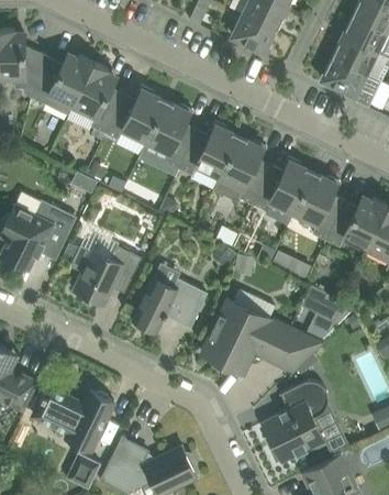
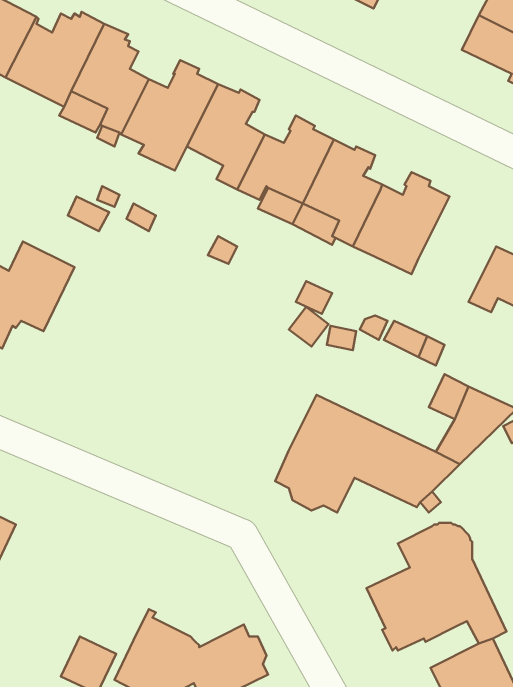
building: [137,140,178,176] -> none
building: [293,172,344,239] -> none
building: [69,244,141,305] -> none
building: [132,277,207,333] -> none
building: [33,386,114,451] -> none

